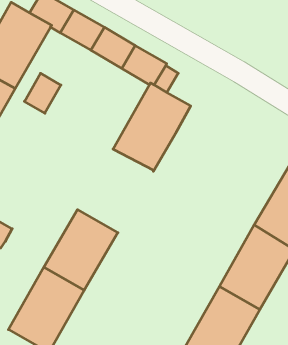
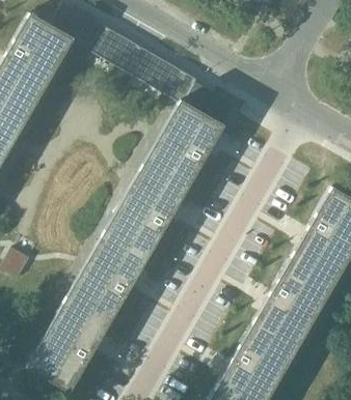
building: [24,73,61,113] -> none
building: none -> [101,173,183,263]

